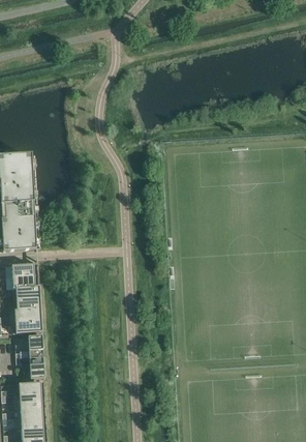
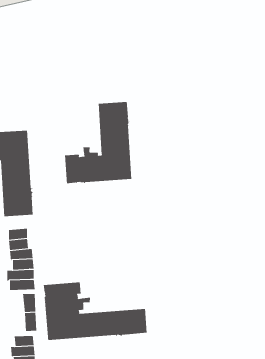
building: none -> [65,101,132,184]
building: none -> [43,282,147,341]

